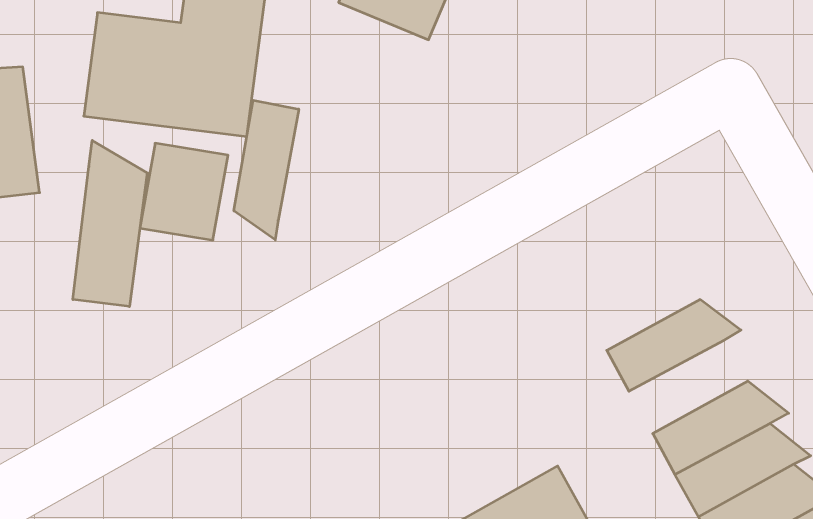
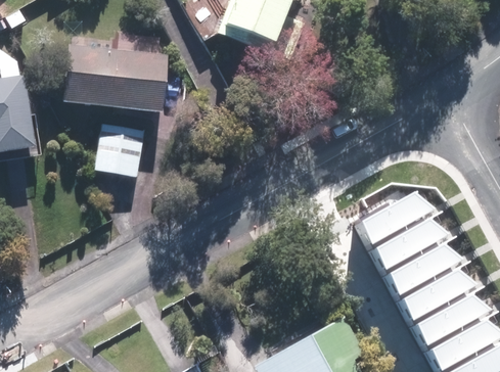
building: [234,100,299,240] -> none
building: [73,140,147,307] -> none
building: none -> [359,192,439,247]
building: none -> [387,241,467,297]

